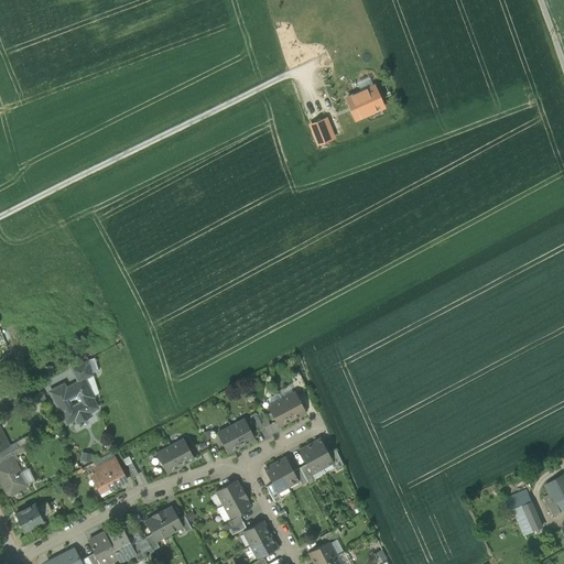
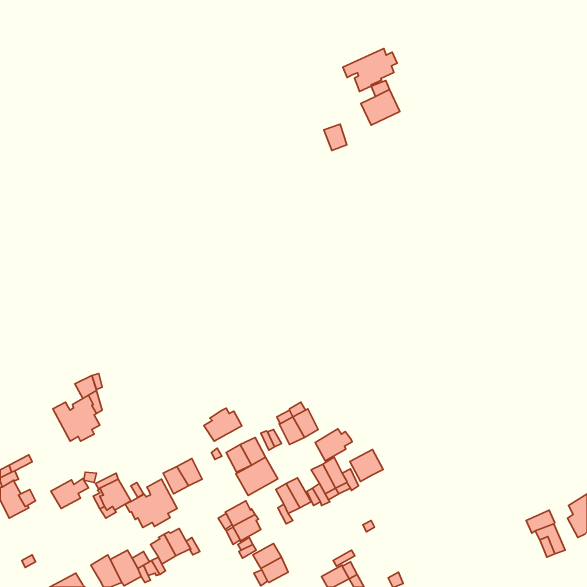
building: none -> [343,48,397,92]
building: none -> [204,408,242,441]
building: none -> [315,429,352,461]
building: none -> [350,450,383,481]
building: none -> [236,457,278,495]
building: none -> [125,479,177,527]
building: [15,502,52,531] -> [51,479,89,508]

